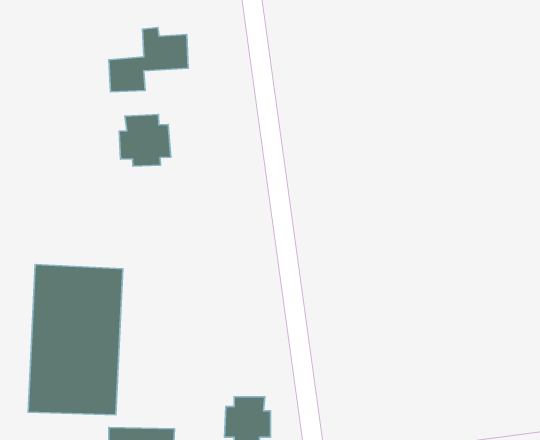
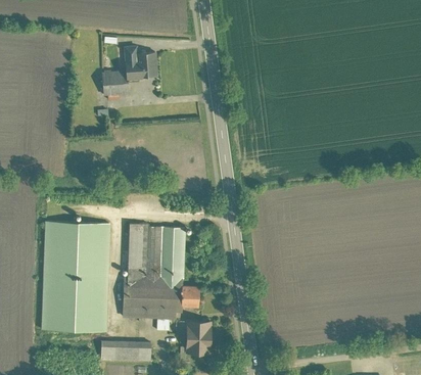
building: [119,115,171,166] -> none
building: none -> [125,225,201,318]

